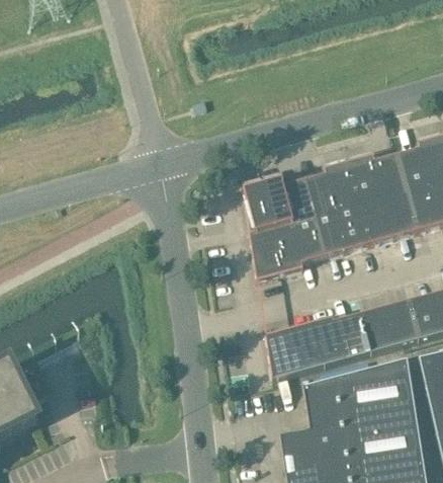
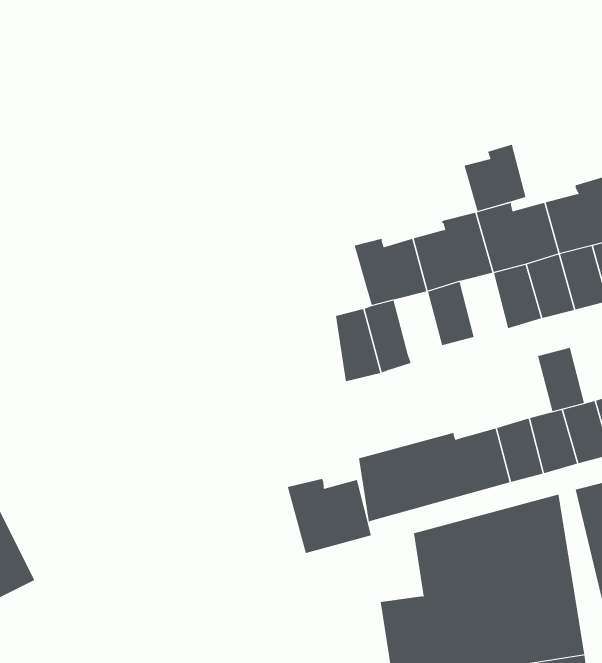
building: none -> [464,144,526,212]
building: [245,183,276,233] -> none
building: [339,203,372,248] -> [537,347,585,412]
building: [292,216,326,260] -> none
building: none -> [287,478,372,554]

